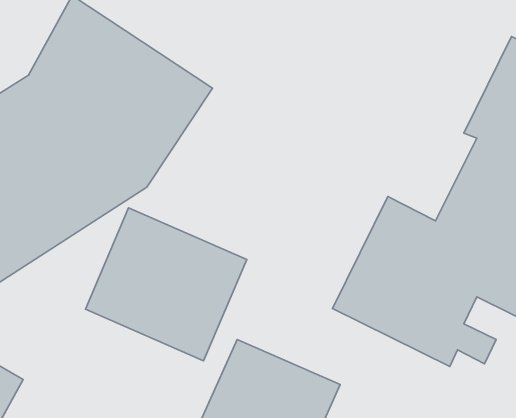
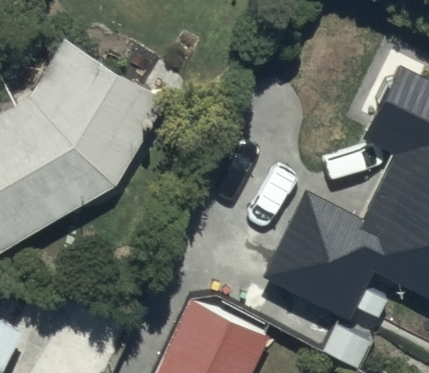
building: [85,208,247,361] -> none

